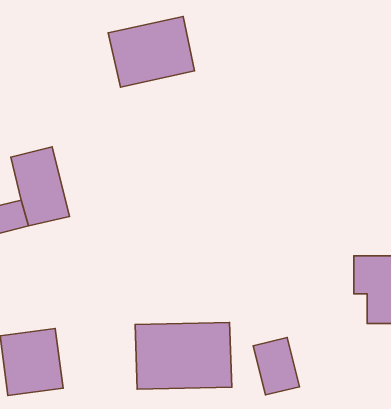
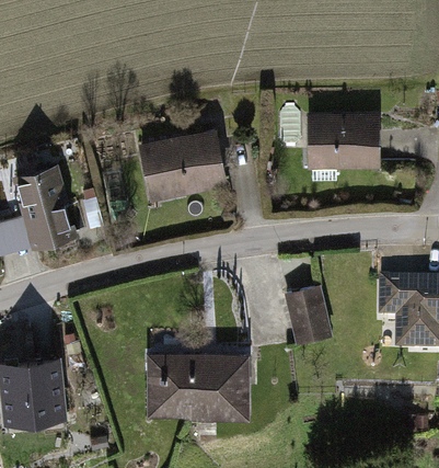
building: [108,16,194,87] -> [136,127,228,203]
building: none -> [308,112,380,168]
building: [253,337,299,395] -> [282,284,332,345]

